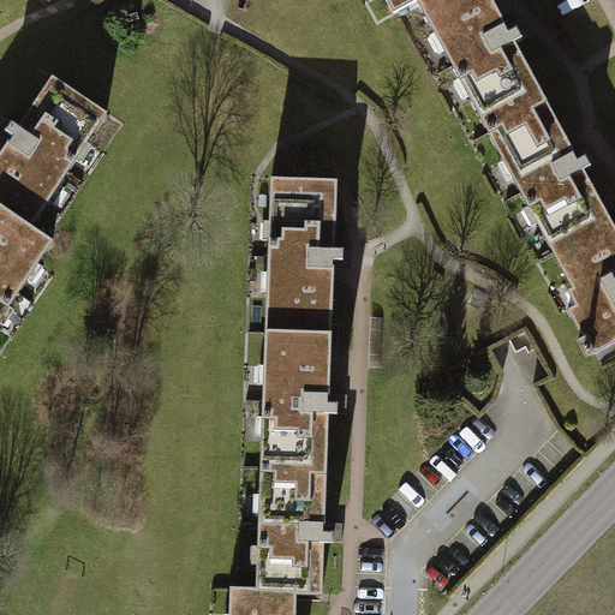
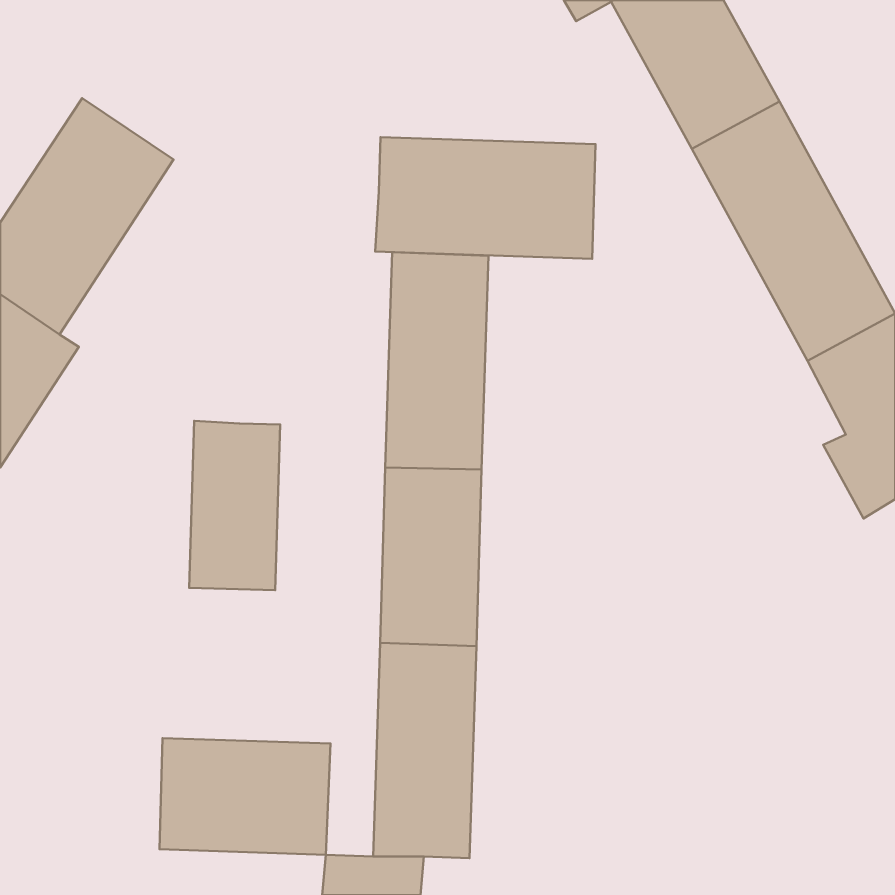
building: none -> [375,137,595,259]
building: none -> [189,421,280,590]
building: none -> [159,738,330,855]

